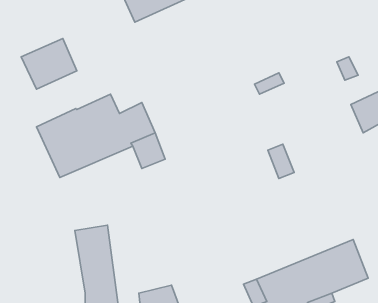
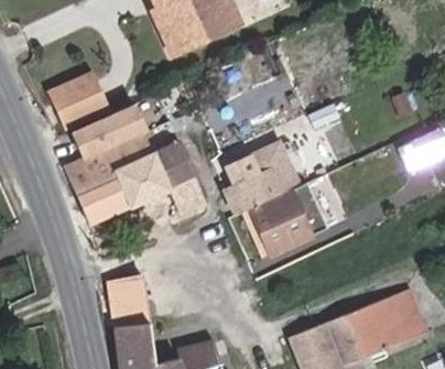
building: none -> [72,104,145,155]
building: none -> [224,142,299,213]
building: none -> [246,192,312,254]

